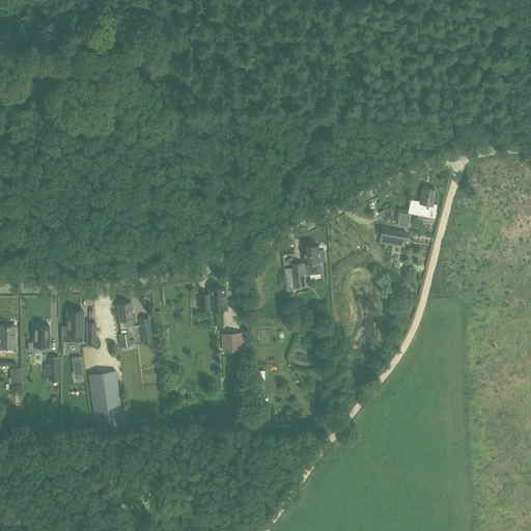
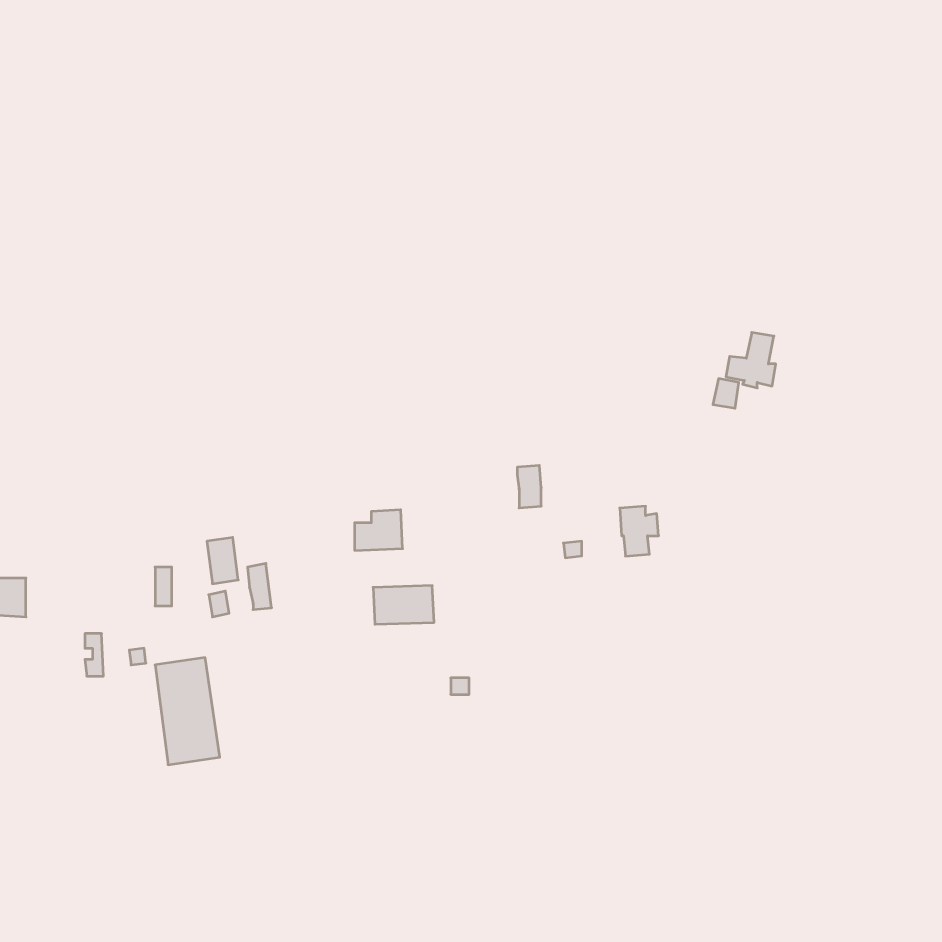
building: [378,227,407,247] -> none
building: [303,245,325,273] -> [620,506,659,556]
building: [61,309,82,340] -> none
building: [27,324,48,351] -> none

